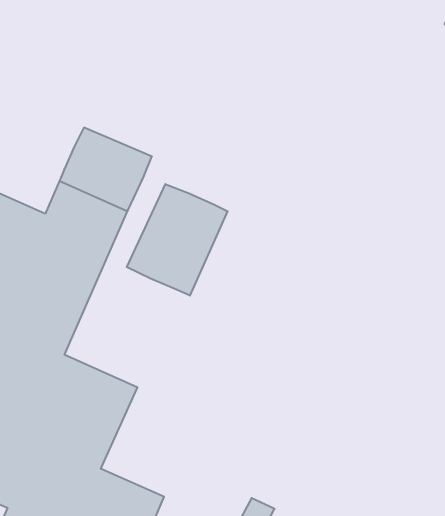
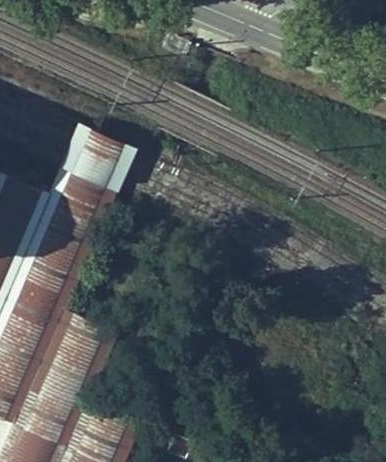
building: [127,184,228,296] -> none

